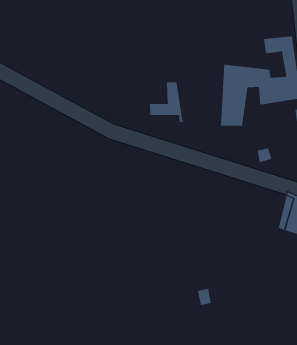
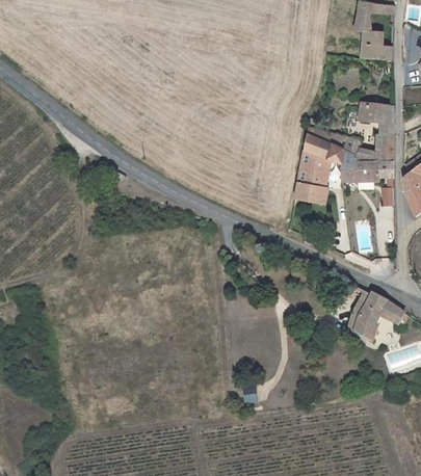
building: [150,81,183,123] -> none

